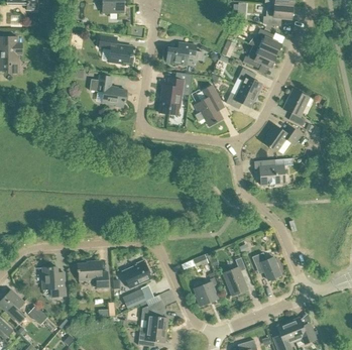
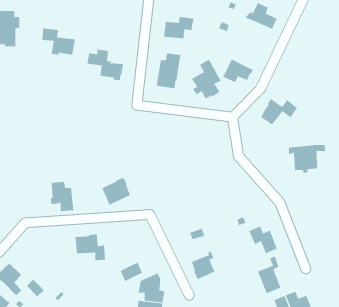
building: [99,35,133,63] -> [42,28,76,55]
building: [243,45,275,68] -> none
building: [234,68,261,96] -> none
building: [282,89,309,126] -> none
building: [254,158,292,188] -> [288,144,326,174]
building: [223,257,247,296] -> [257,256,281,294]
building: [122,260,151,288] -> [102,177,131,205]
building: [41,266,66,297] -> [50,181,74,212]

